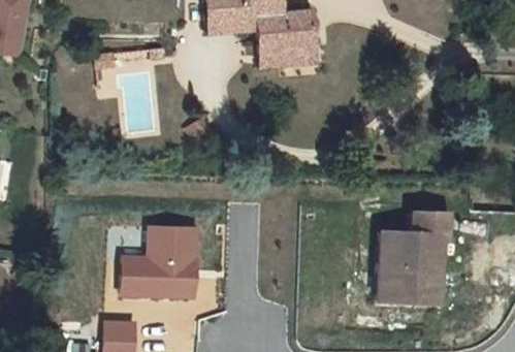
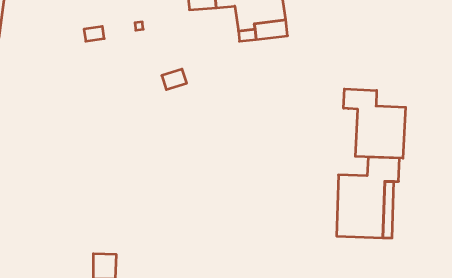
building: none -> [344,89,406,158]
building: [123,224,194,292] -> none

